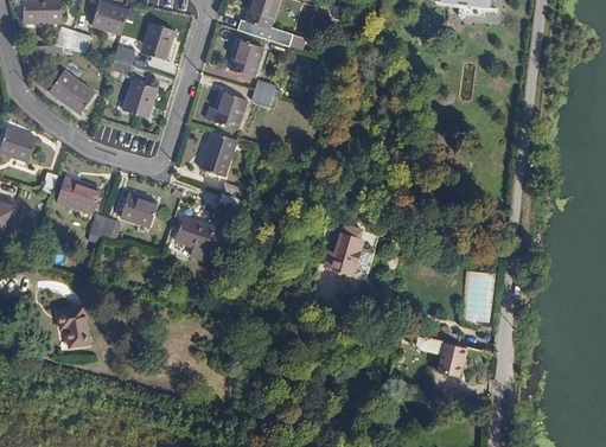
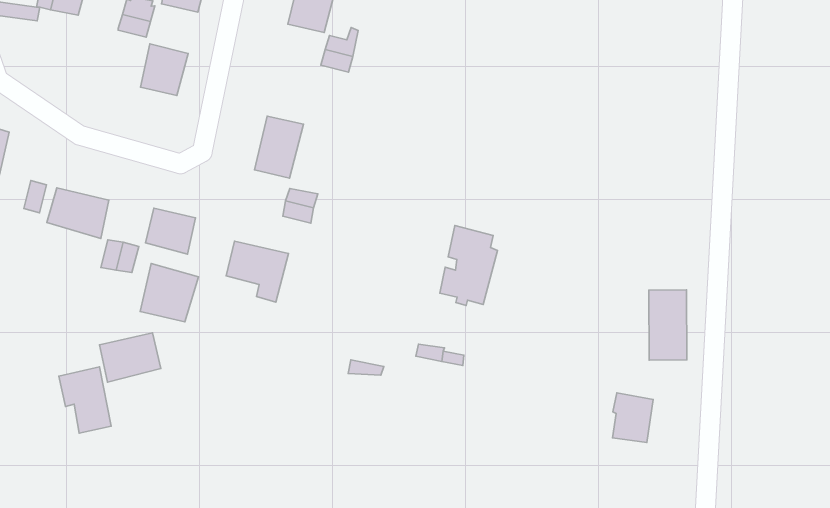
building: [45,69,90,113] -> none
building: [211,98,244,129] -> none
building: none -> [140,263,198,322]
building: none -> [100,333,161,382]

